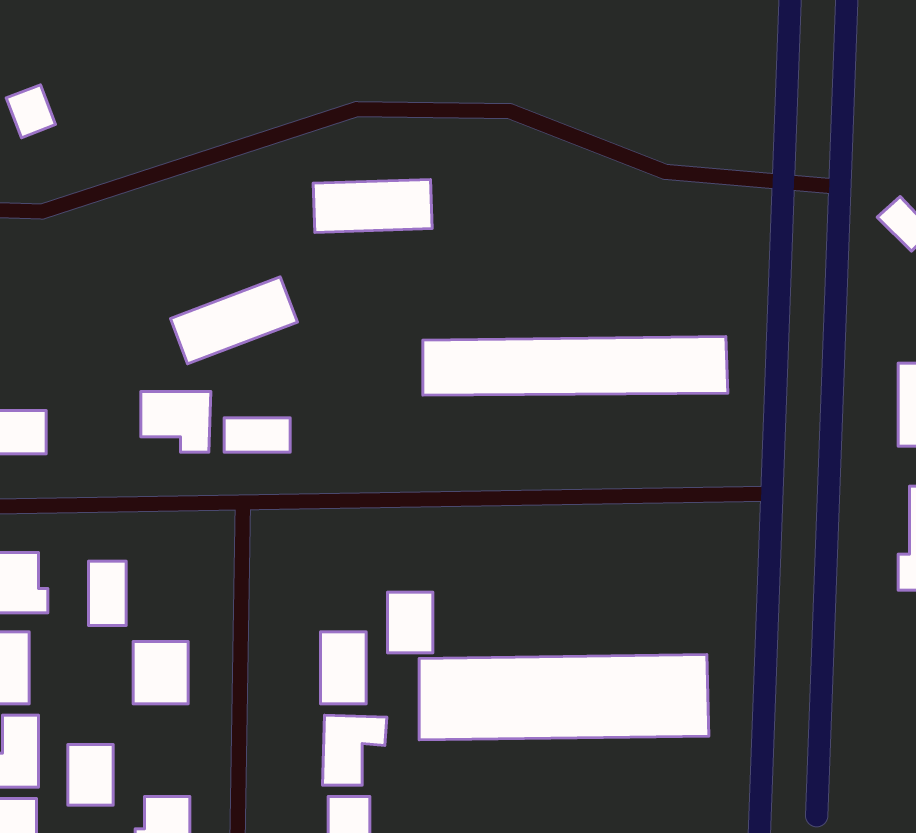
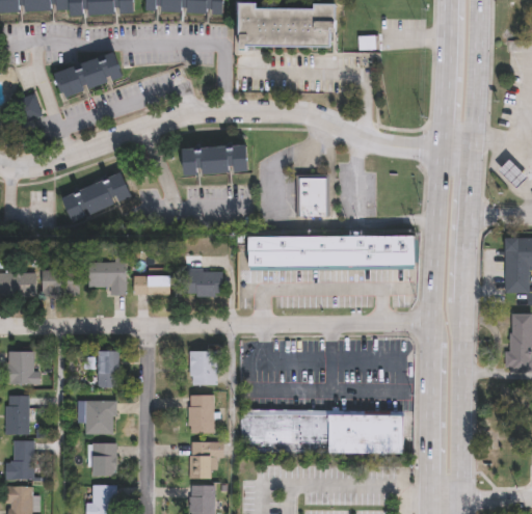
building: none -> [55,54,124,98]
building: none -> [296,177,328,218]
building: [170,277,297,364] -> [62,174,132,222]
building: none -> [43,271,80,297]
building: none -> [185,271,221,297]
building: [88,561,126,626] -> [98,351,118,386]
building: [387,592,433,653] -> [190,351,215,384]
building: [68,744,113,805] -> [90,442,115,476]

